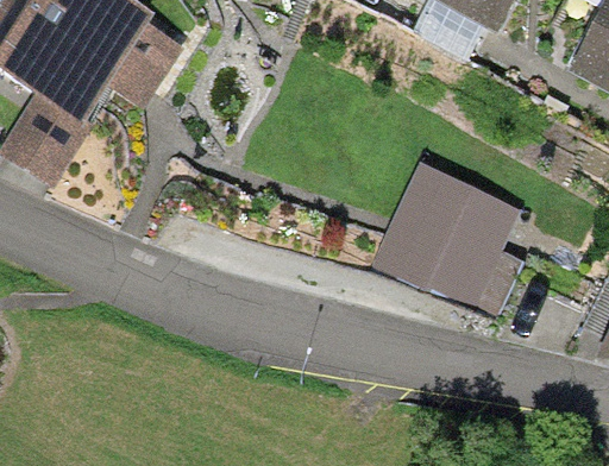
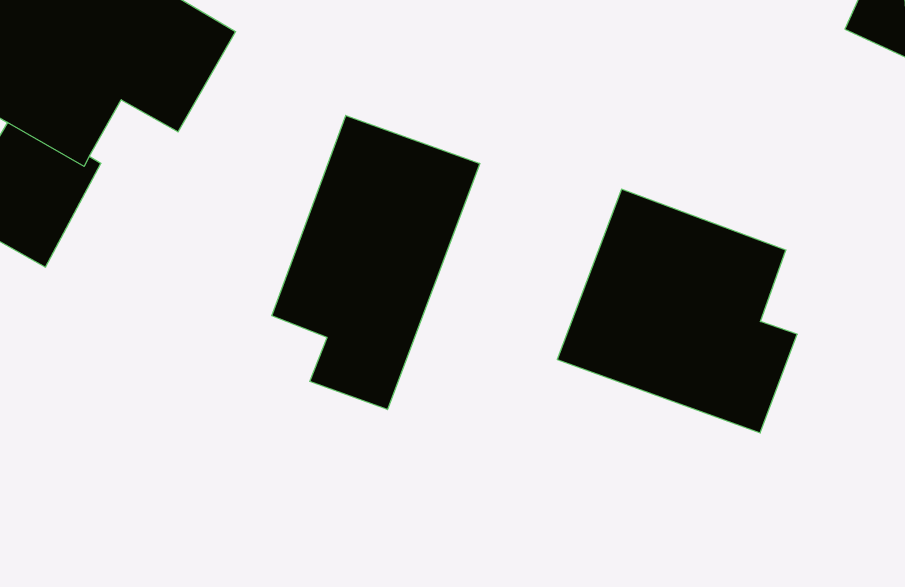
building: none -> [272,115,480,410]

